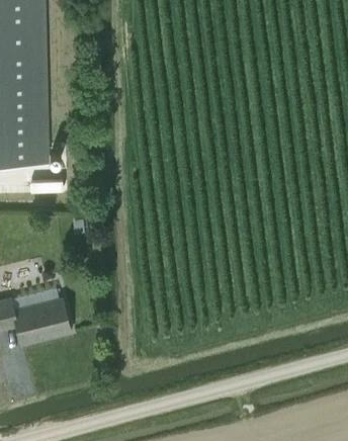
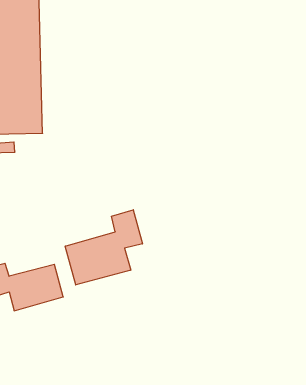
building: none -> [65,210,142,285]

